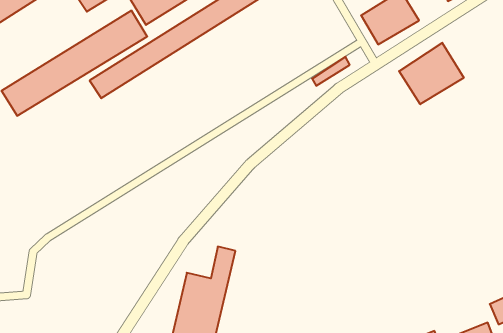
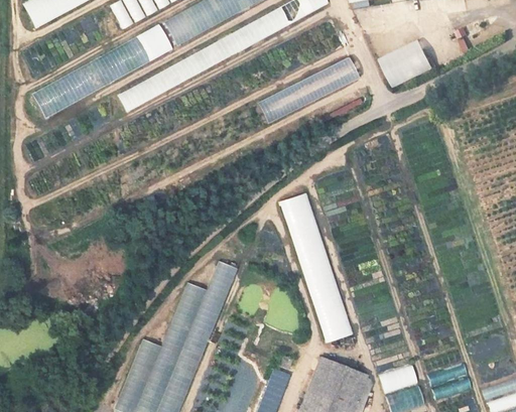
building: none -> [255,58,359,123]
building: [399,43,464,104] -> none
building: none -> [281,191,353,344]

